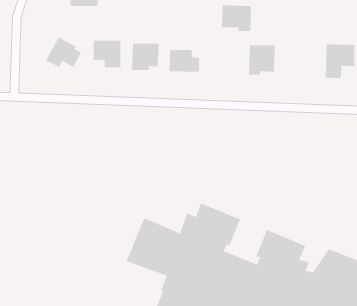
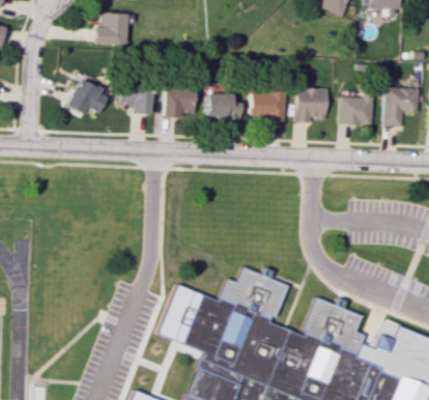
building: [221,5,252,31] -> [252,91,287,121]
building: none -> [341,91,374,124]

